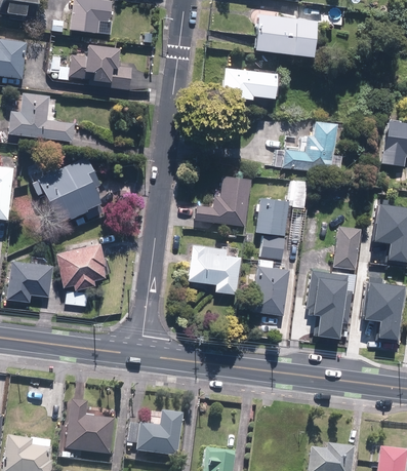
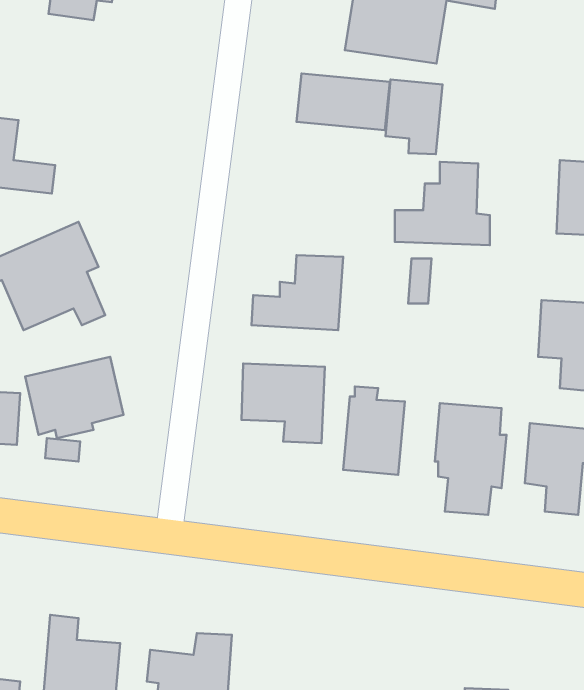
building: [70,46,132,91] -> none
building: none -> [386,79,443,154]
building: [256,198,289,260] -> none
building: [335,227,360,268] -> none

